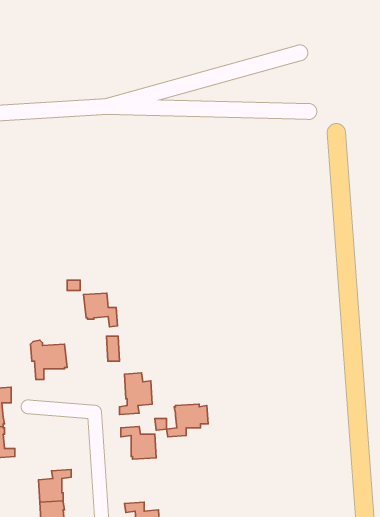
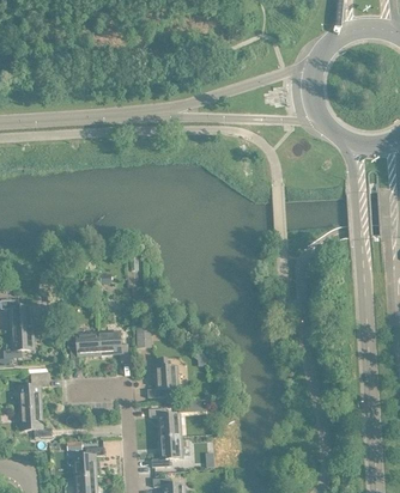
building: [83,293,117,327] -> [97,330,128,361]
building: [166,404,208,437] -> [151,436,189,465]

